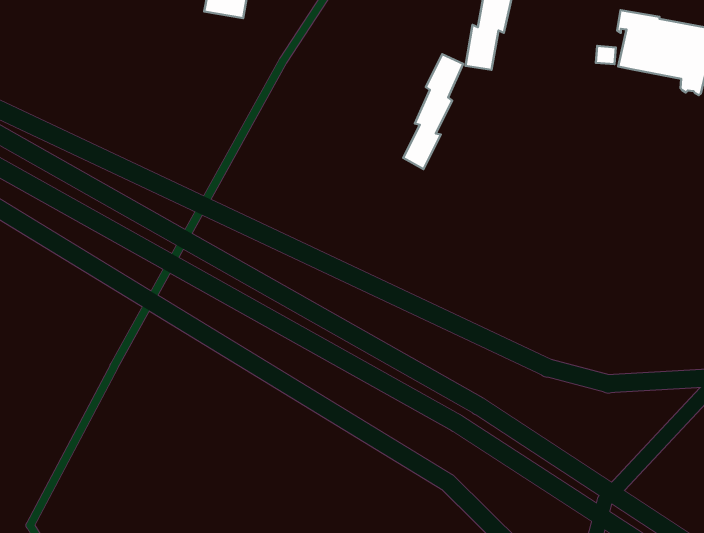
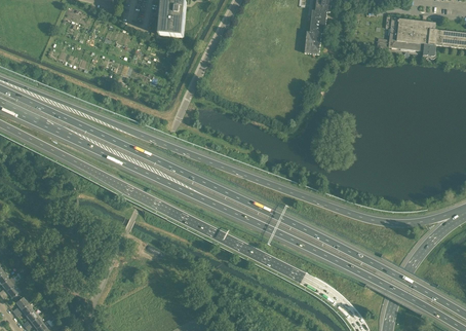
building: [403,54,463,169] -> none

